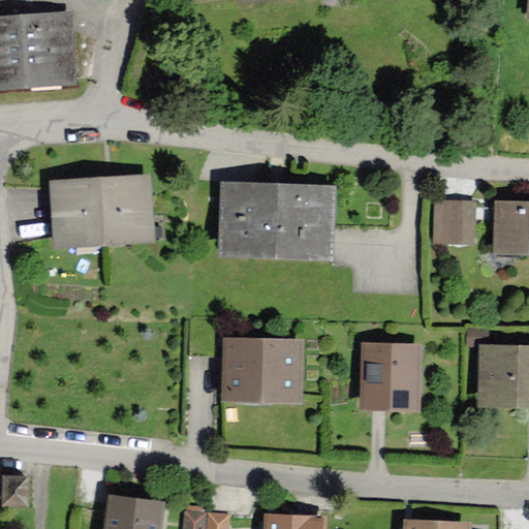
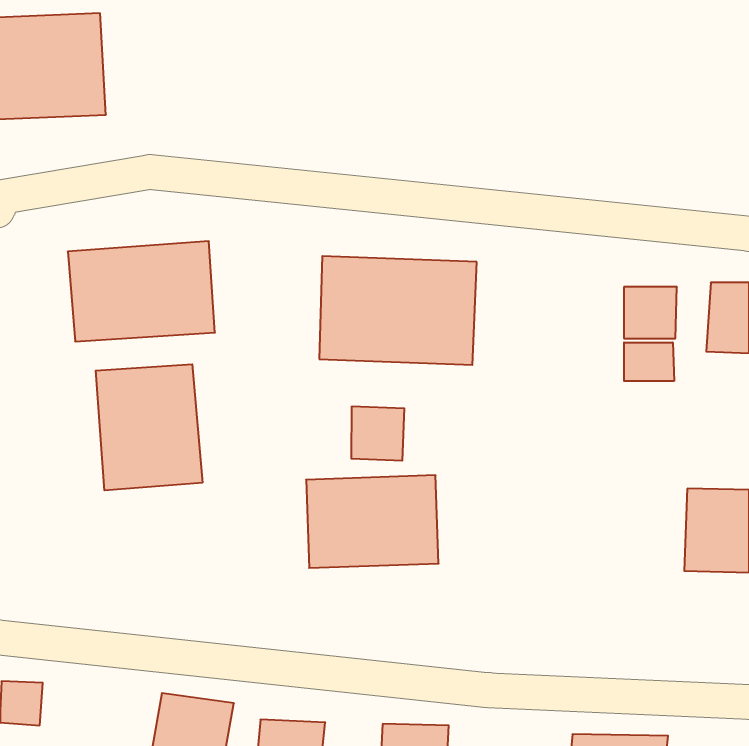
building: none -> [624,342,674,381]
building: none -> [96,364,202,490]
building: none -> [351,406,404,461]
building: [361,342,423,408] -> none

